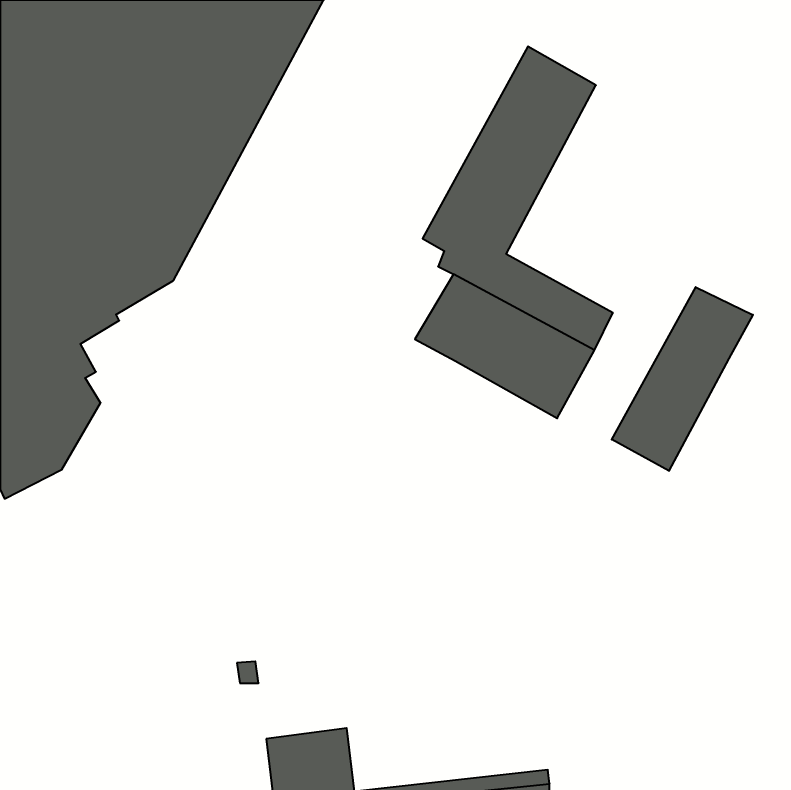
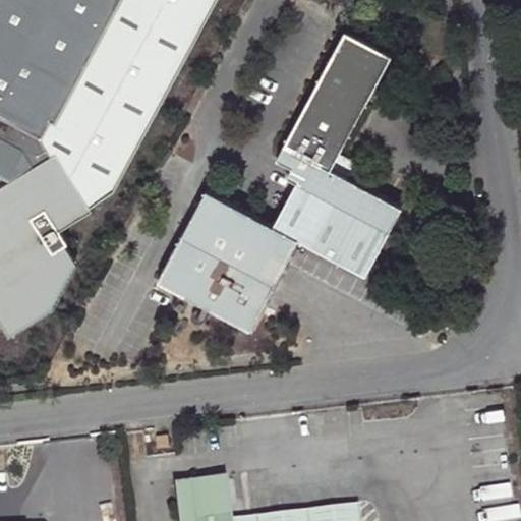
building: none -> [156,188,299,329]
building: [612,287,753,471] -> none

